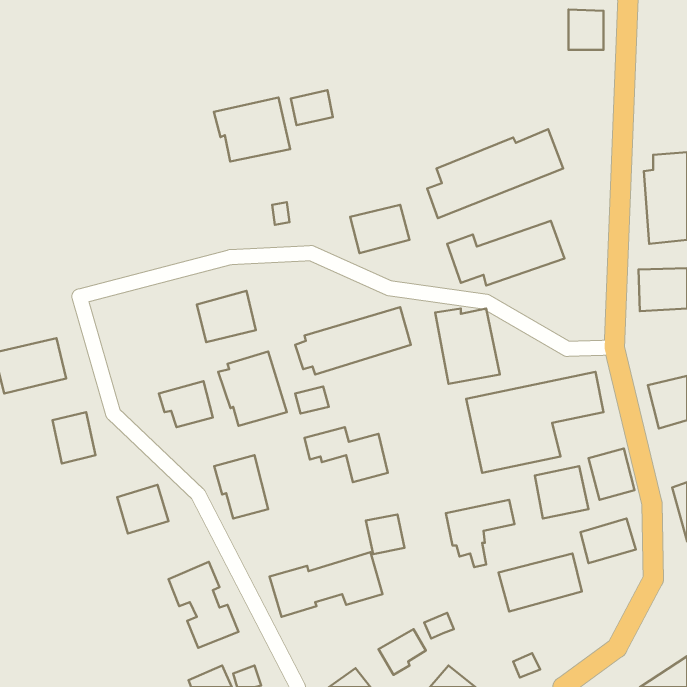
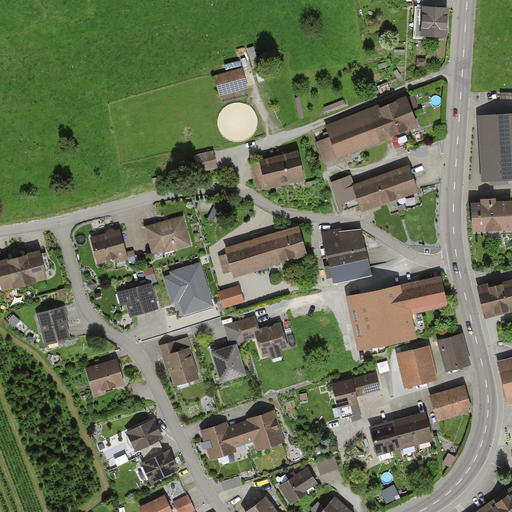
building: [214,97,290,161] -> none
building: none -> [91,230,126,266]
building: none -> [211,345,244,383]
building: [366,515,404,554] -> none

